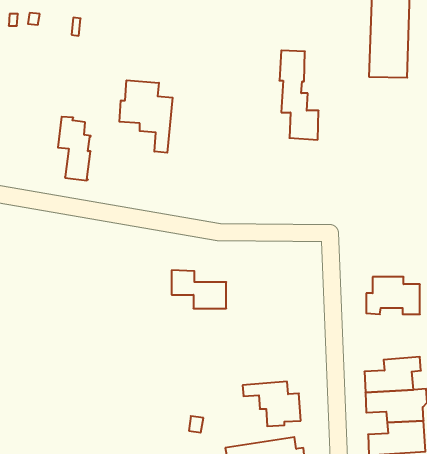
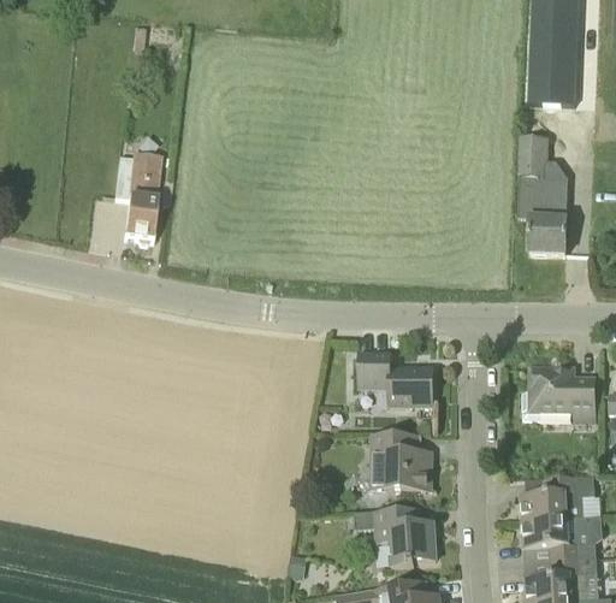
building: [279,50,319,140] -> [516,136,568,254]
building: [119,80,173,153] -> none
building: [172,270,226,308] -> [361,353,433,403]
building: none -> [372,433,433,490]

